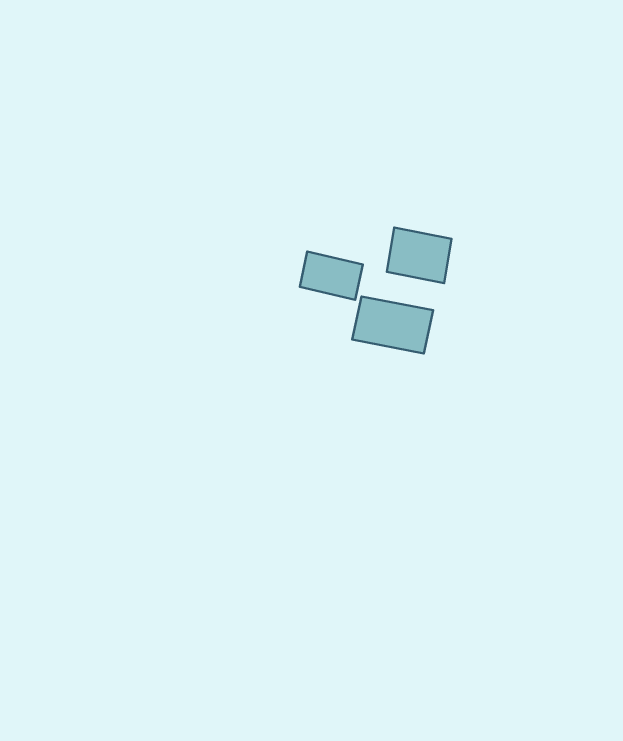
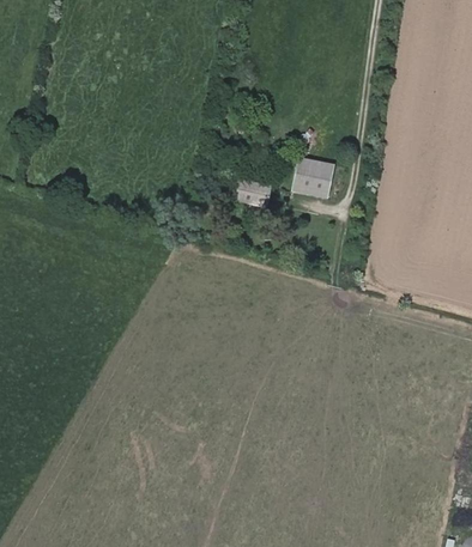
building: [352,296,433,354] -> none

